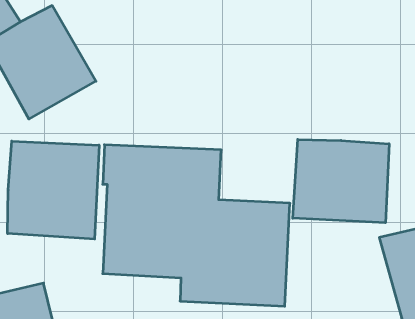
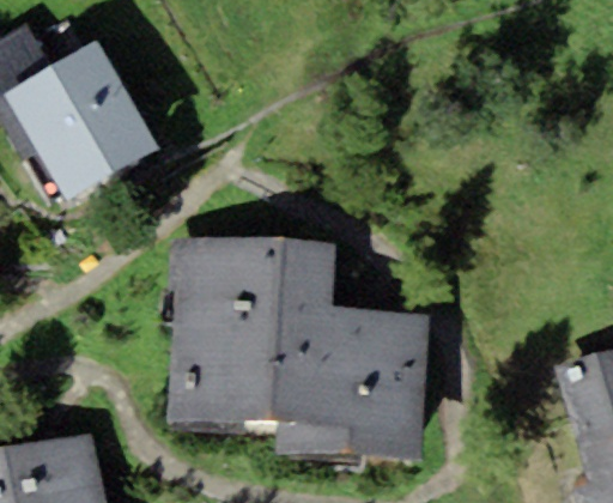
building: [293,139,389,223] -> none
building: [8,141,99,239] -> none

